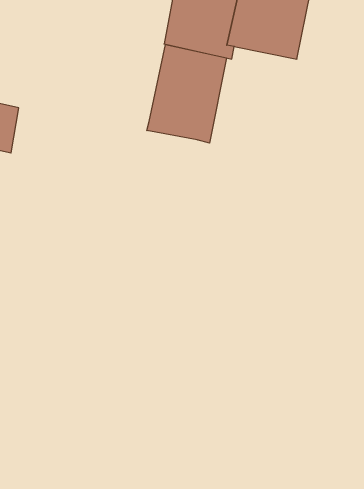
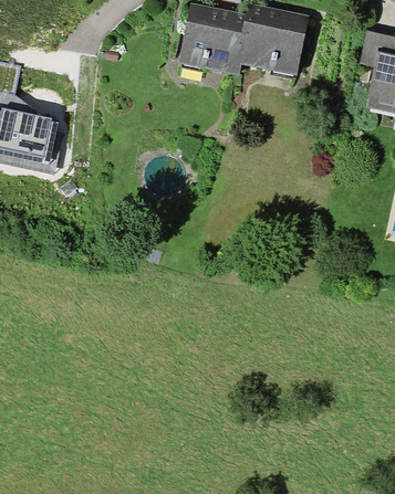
building: [147,44,226,143] -> none

